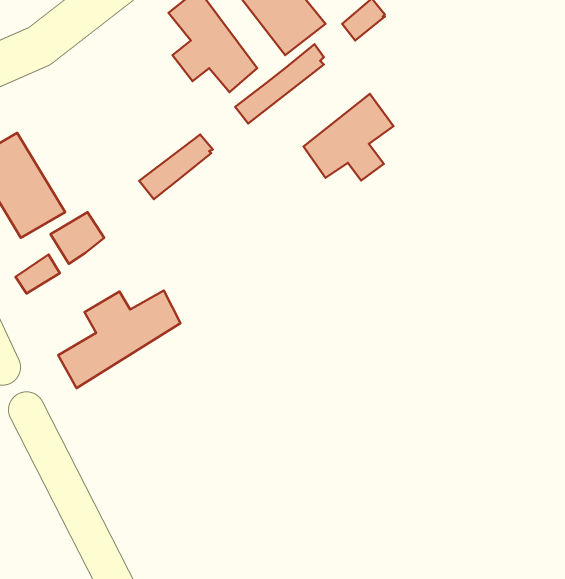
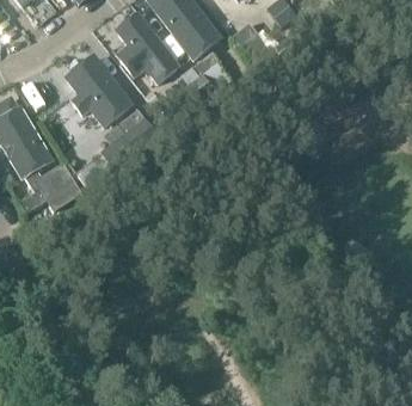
building: none -> [67,56,131,124]
building: [303,94,394,181] -> none
building: [58,291,180,388] -> none

